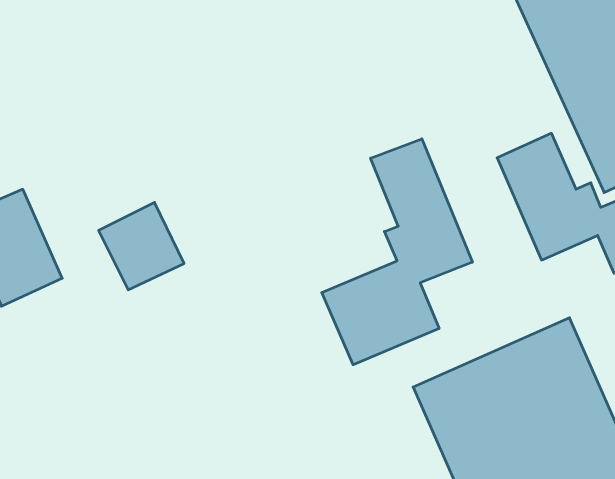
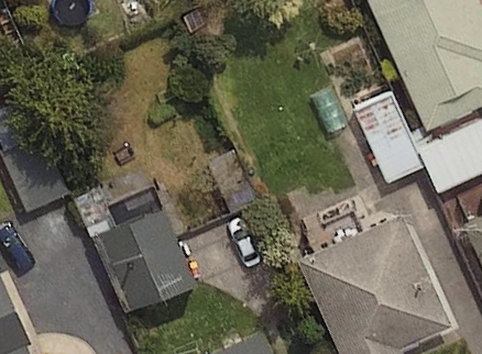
building: [322,139,472,365] -> none
building: none -> [85,191,191,305]

